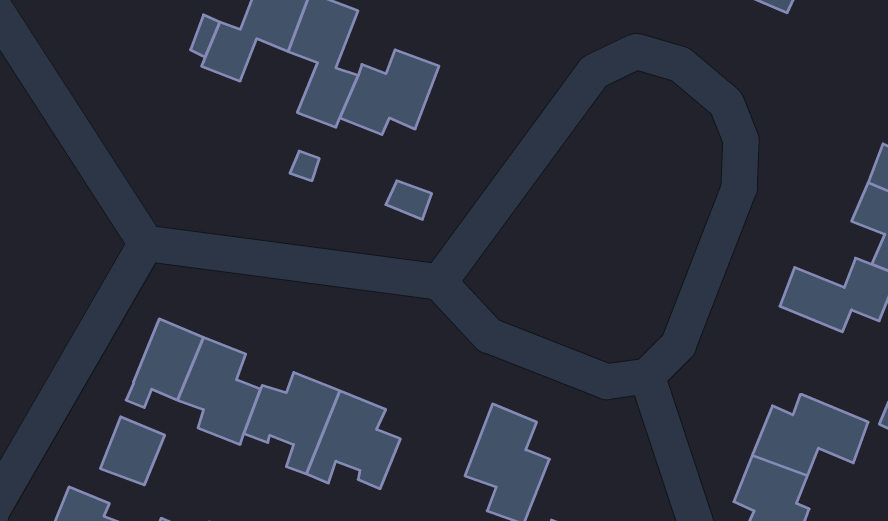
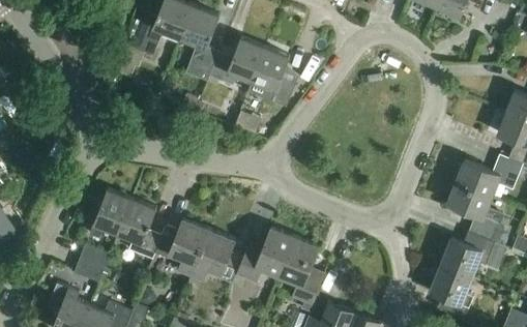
building: none -> [251,48,294,108]
building: none -> [446,182,510,246]
building: none -> [236,228,294,283]

